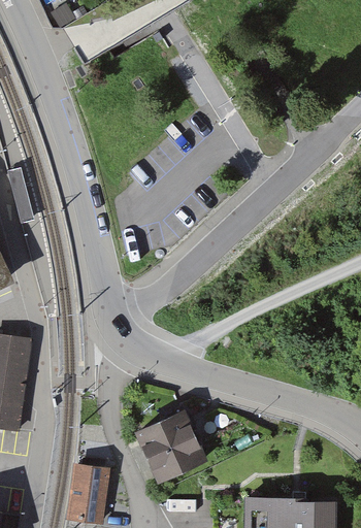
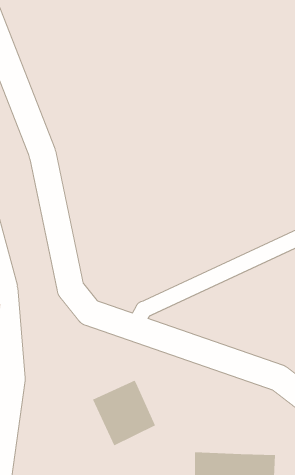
building: [65,459,110,521] -> none

